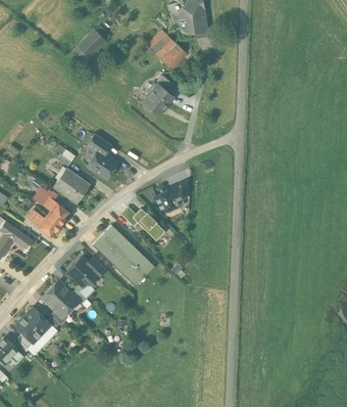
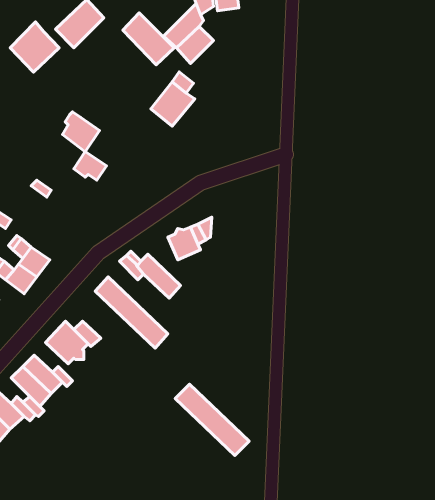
building: none -> [123,13,174,65]
building: none -> [10,22,59,72]
building: [90,150,116,179] -> [62,112,99,152]
building: [53,168,89,202] -> none
building: [92,234,145,285] -> [175,384,249,455]

